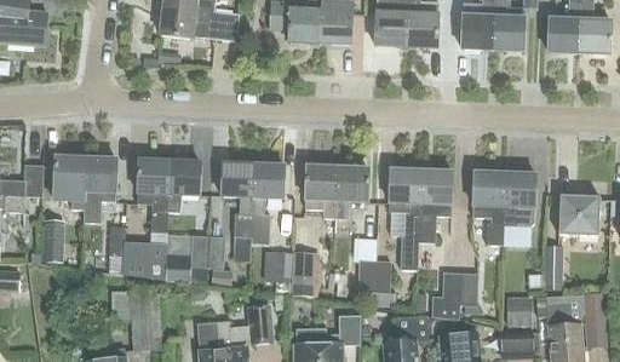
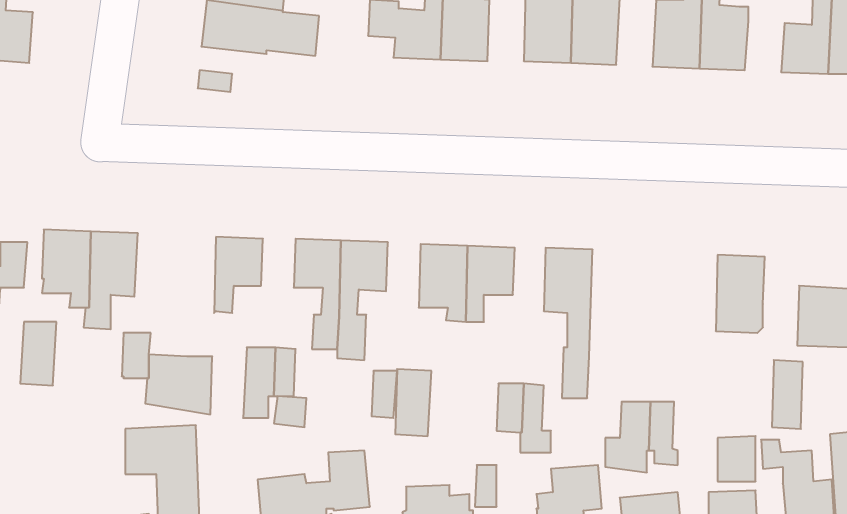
building: [138,160,170,231] -> none
building: [419,169,453,242] -> none
building: [472,172,505,243] -> none

